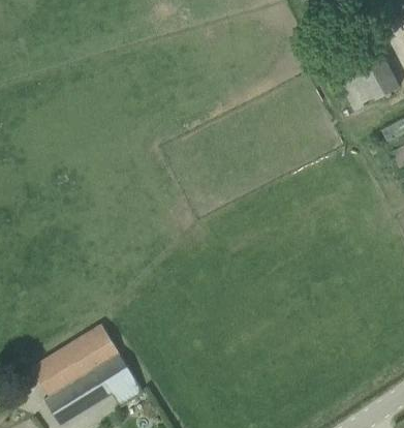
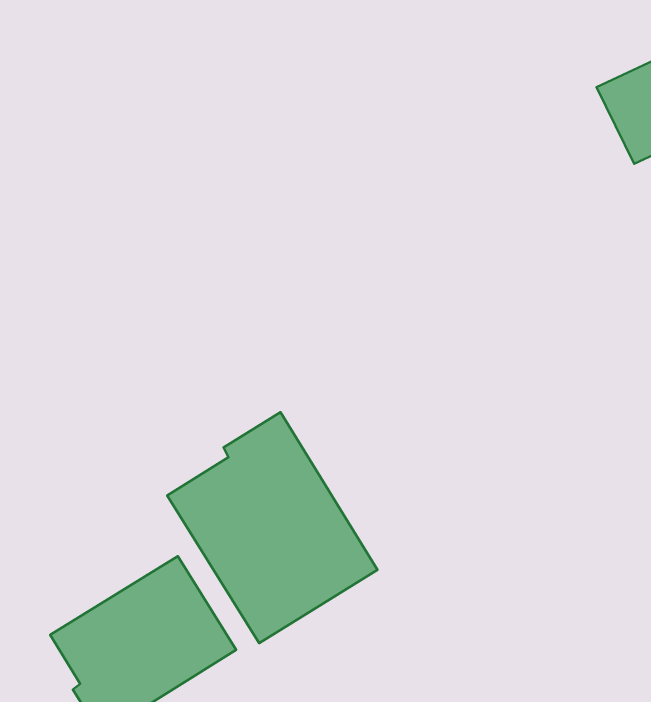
building: none -> [167,412,377,643]

